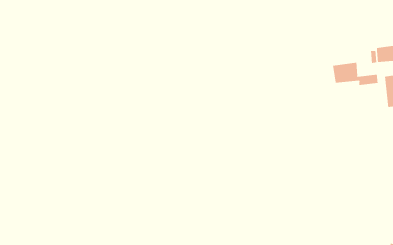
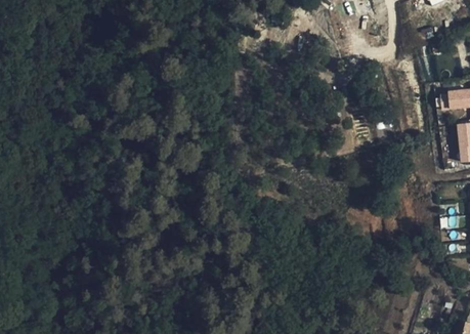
building: [332,62,378,86] -> none

